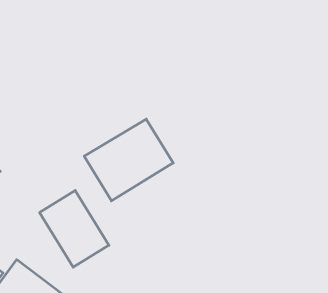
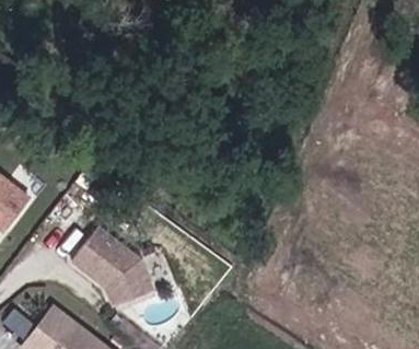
building: [84,119,173,201] -> none

